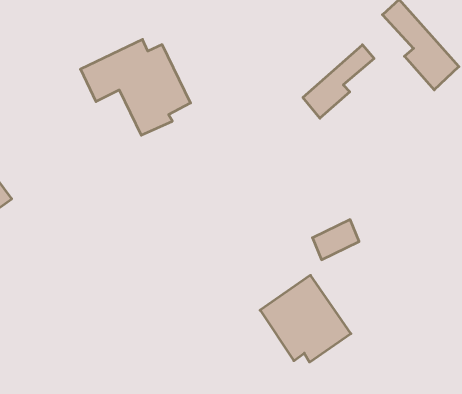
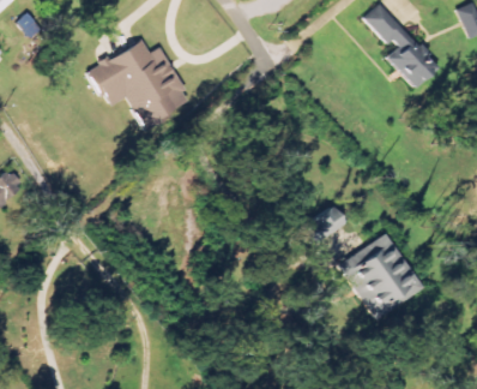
building: [303,45,374,118] -> none
building: [260,275,351,362] -> [338,233,422,313]

